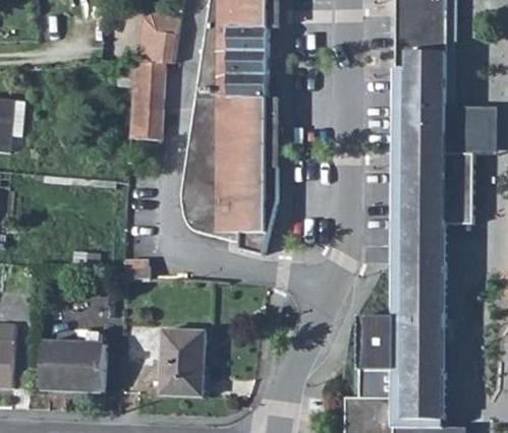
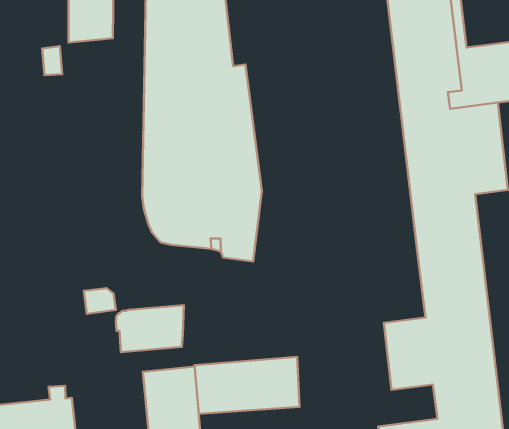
building: [129,62,163,139] -> none
building: none -> [116,305,184,352]
building: none -> [195,357,300,414]

